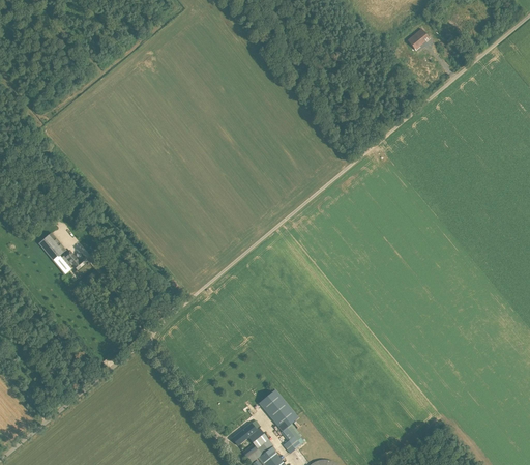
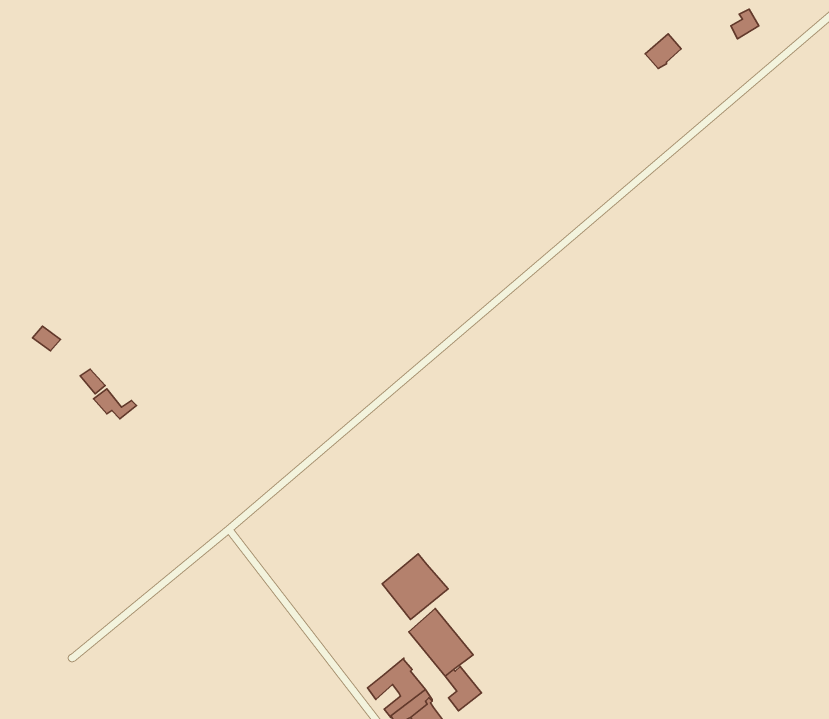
building: none -> [382,554,448,620]

